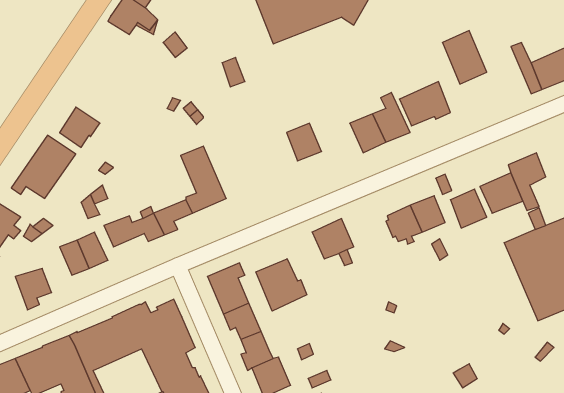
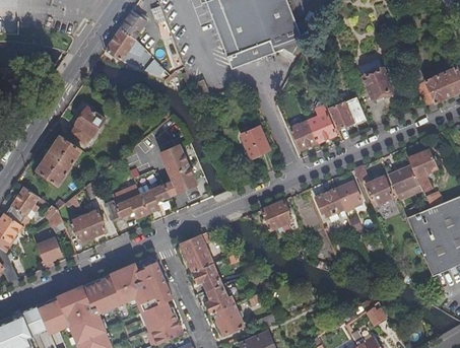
building: [256,259,307,311] -> none

